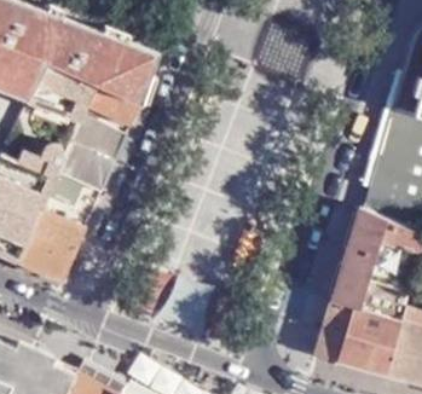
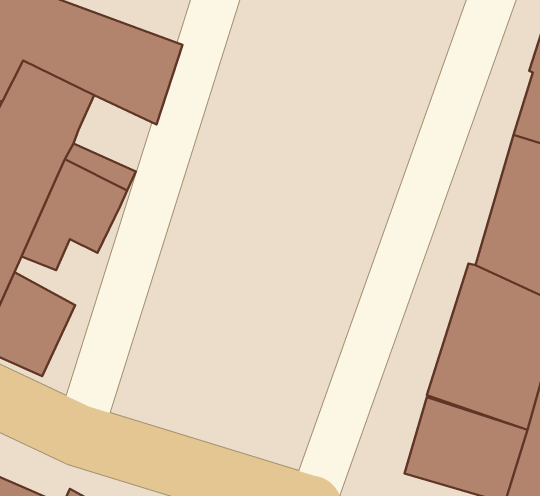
building: [87,87,141,131] -> none

